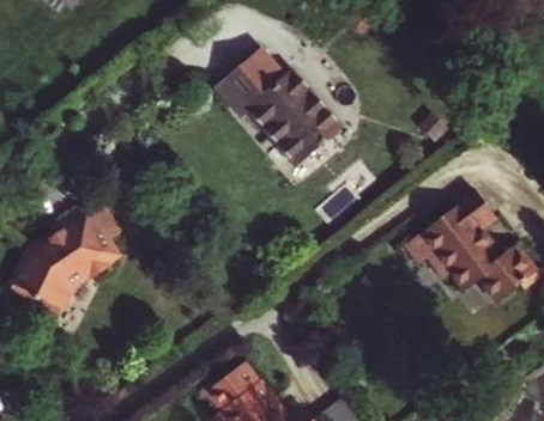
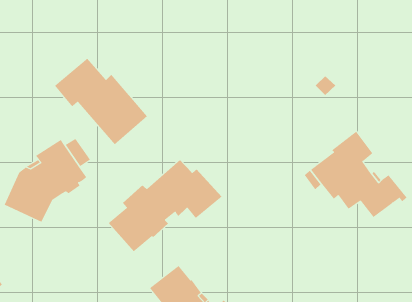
building: [214,53,336,165] -> [54,58,148,145]
building: none -> [108,159,223,252]

